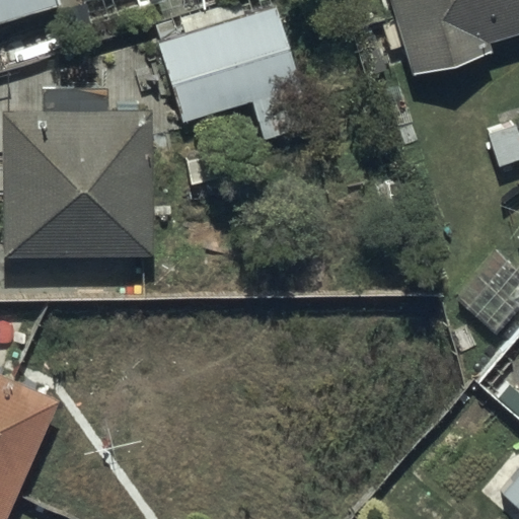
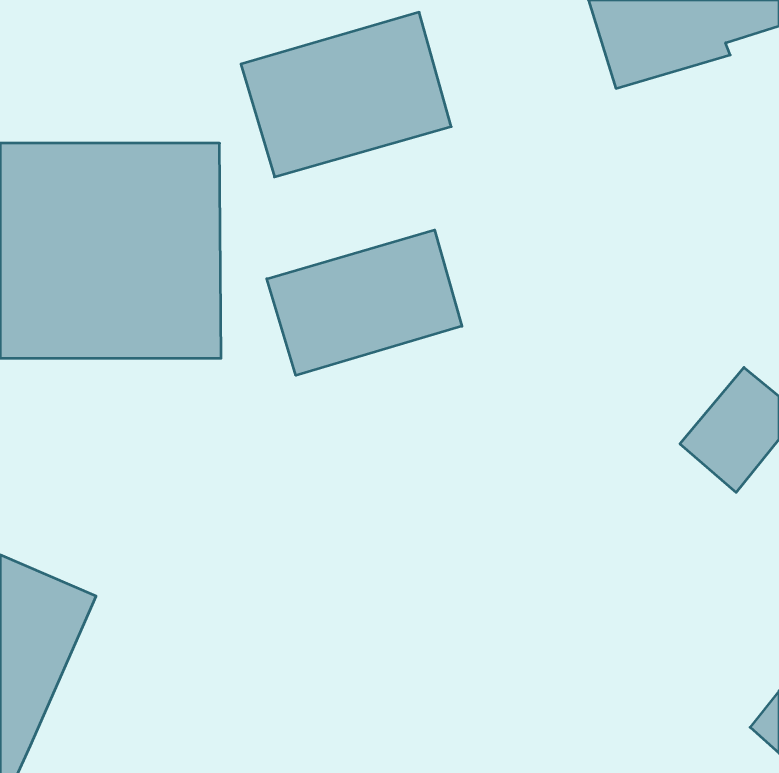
building: none -> [267,230,462,375]

